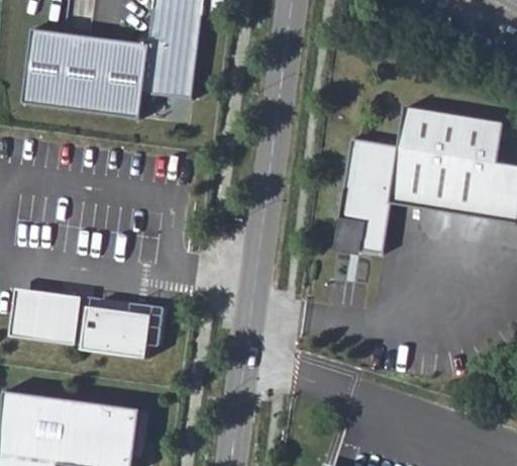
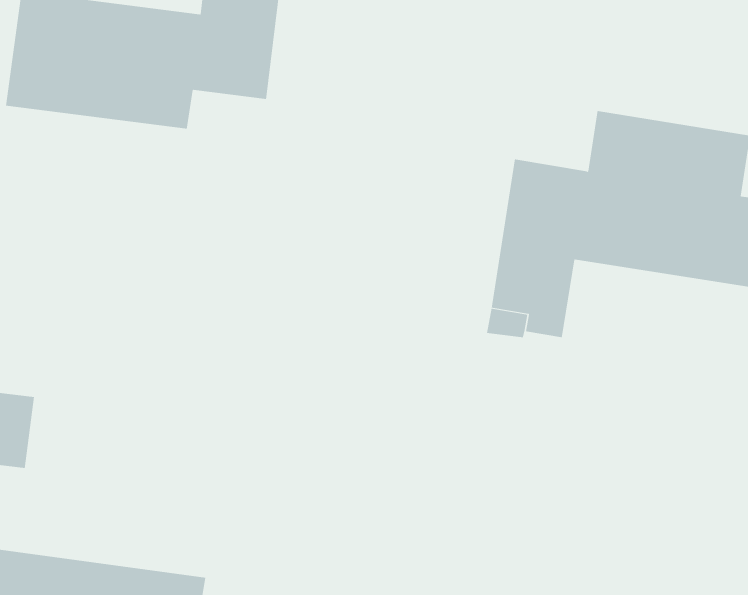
building: [34,292,80,344] -> none
building: [81,305,151,358] -> none

